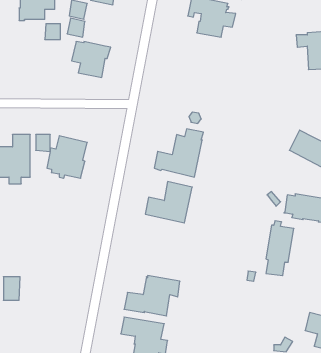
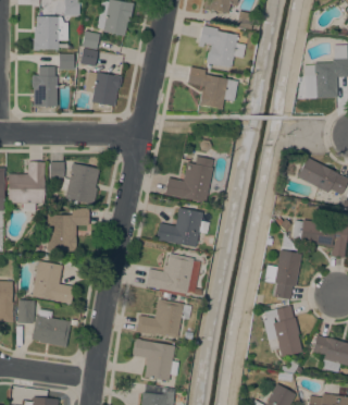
building: none -> [33,66,58,106]
building: none -> [187,66,237,109]
building: none -> [43,208,89,250]
building: none -> [146,253,201,295]
building: none -> [33,260,74,303]
building: none -> [263,305,302,356]
building: none -> [33,308,78,346]

